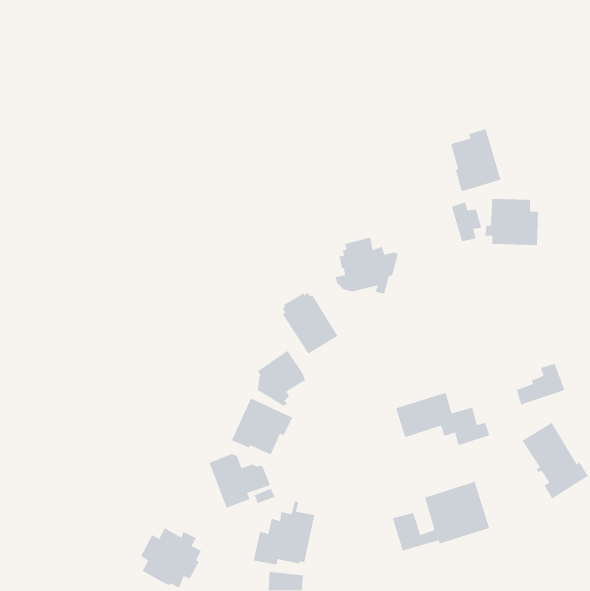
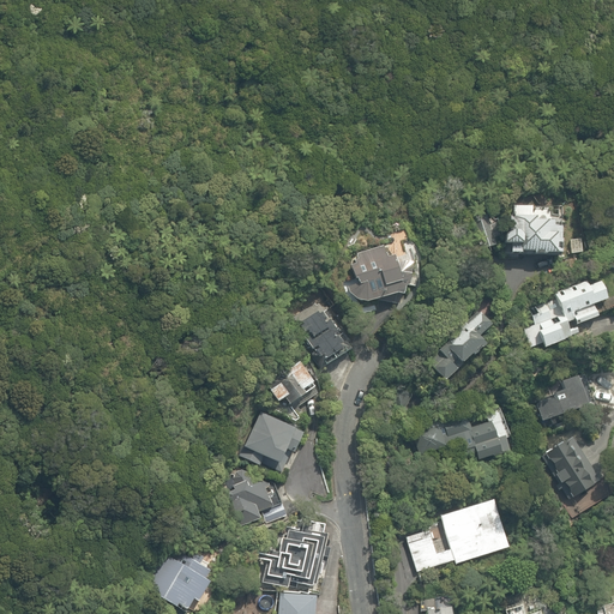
building: [450,128,501,192] -> none
building: none -> [525,276,608,349]
building: none -> [427,312,490,380]

